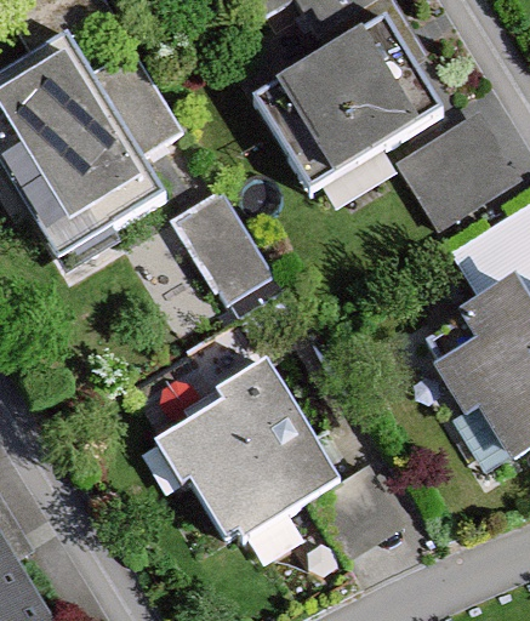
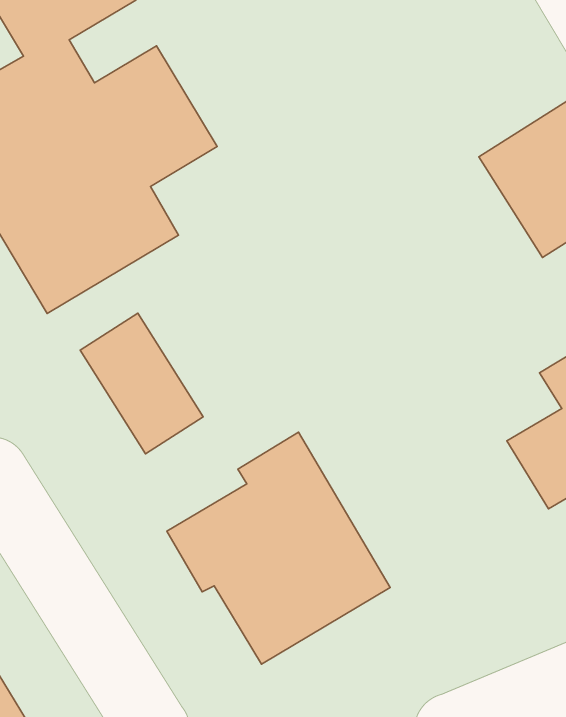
building: [247,16,439,192] -> none
building: [176,184,277,300] -> [80,313,203,454]

